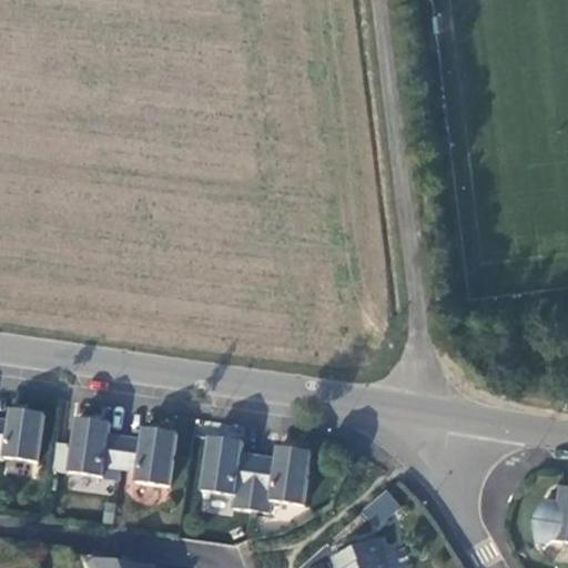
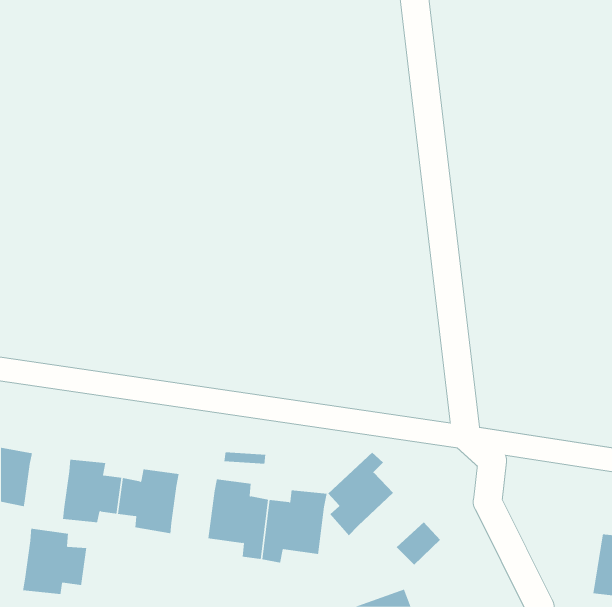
building: none -> [327,452,394,536]
building: none -> [23,528,87,595]

